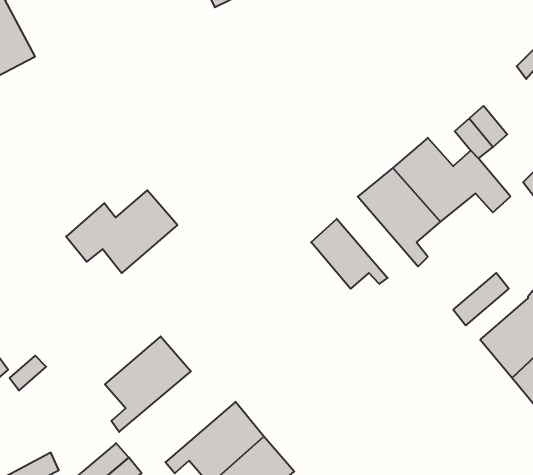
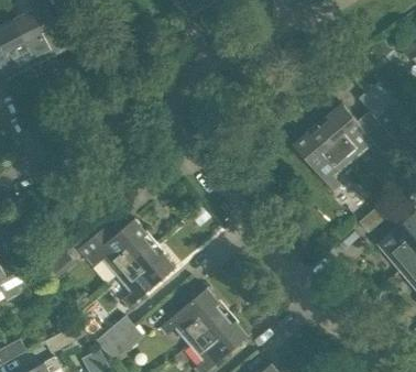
building: [66,190,177,273] -> [78,217,155,274]
building: [311,219,388,289] -> none

